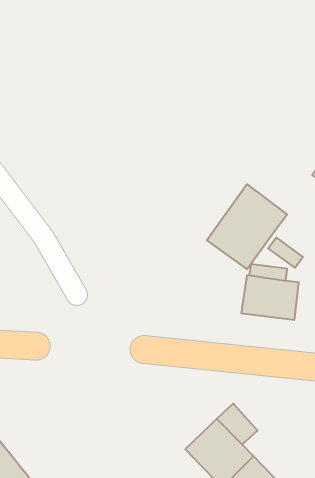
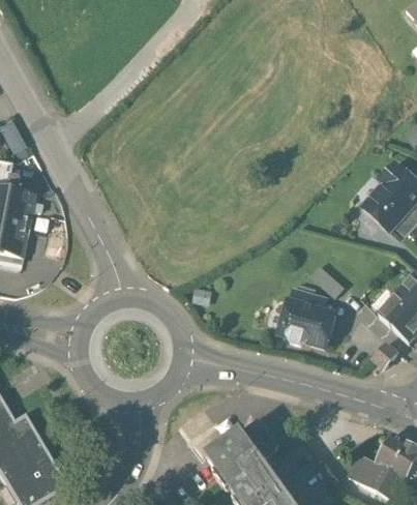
building: [207,184,287,269] -> none

